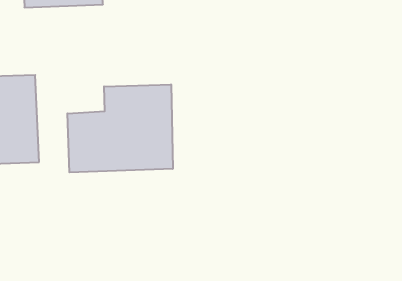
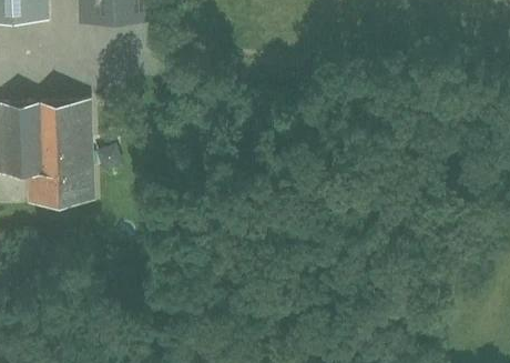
building: [67,84,173,172] -> none

